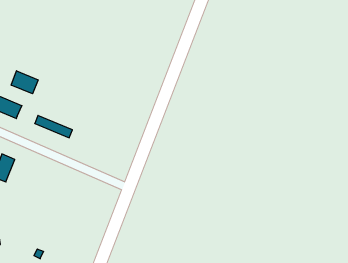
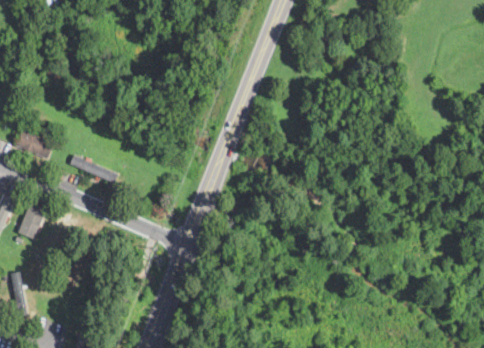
building: [11,71,38,94] -> none

